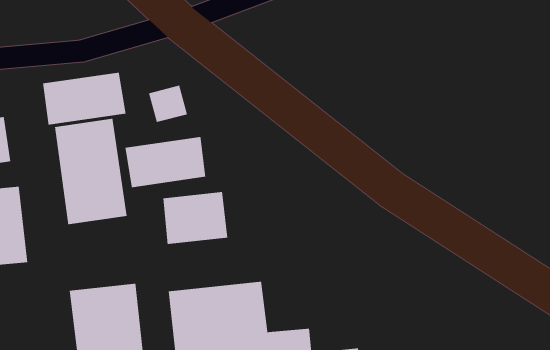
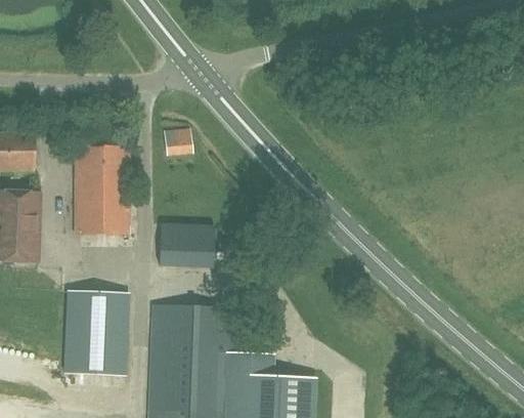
building: [43,72,126,126] -> none
building: [125,136,206,188] -> none

